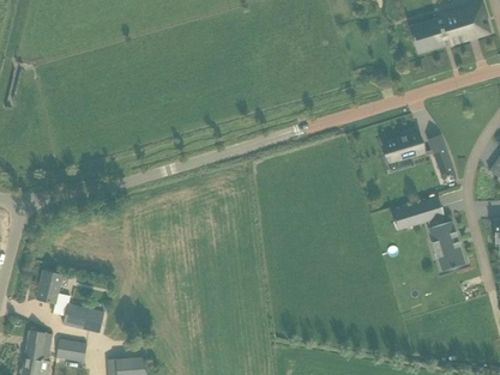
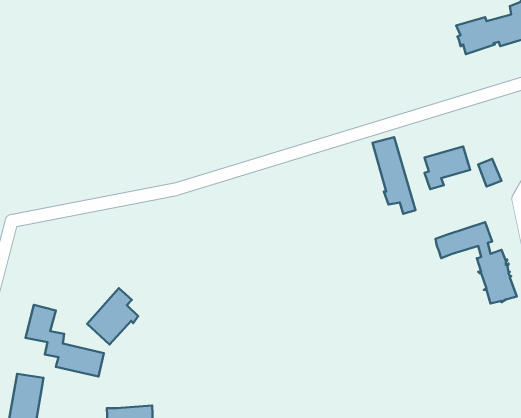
building: none -> [372,137,415,214]
building: none -> [87,288,138,344]
building: [56,339,86,362] -> none

